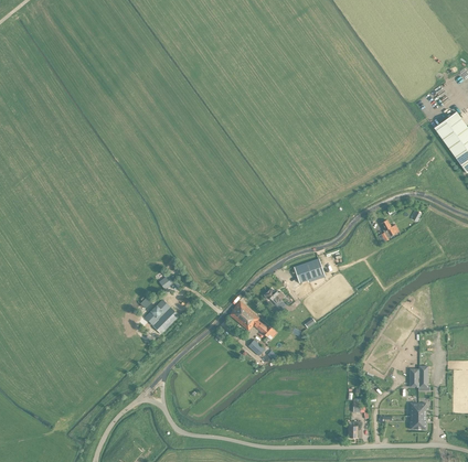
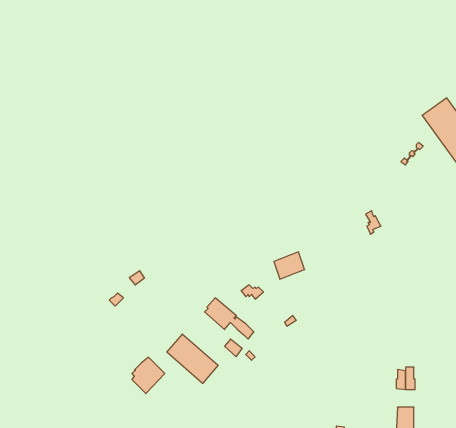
building: [148,299,179,333] -> [132,357,165,394]
building: none -> [167,334,218,383]

